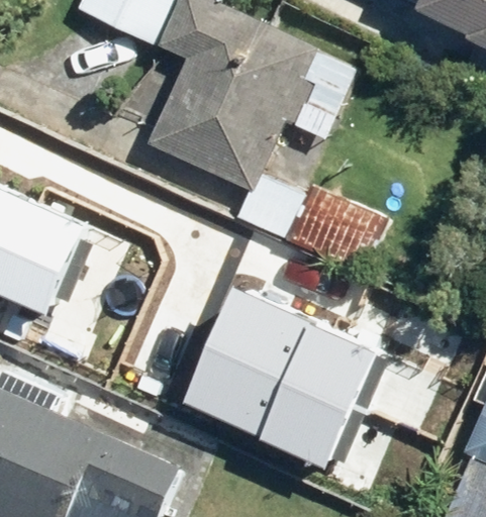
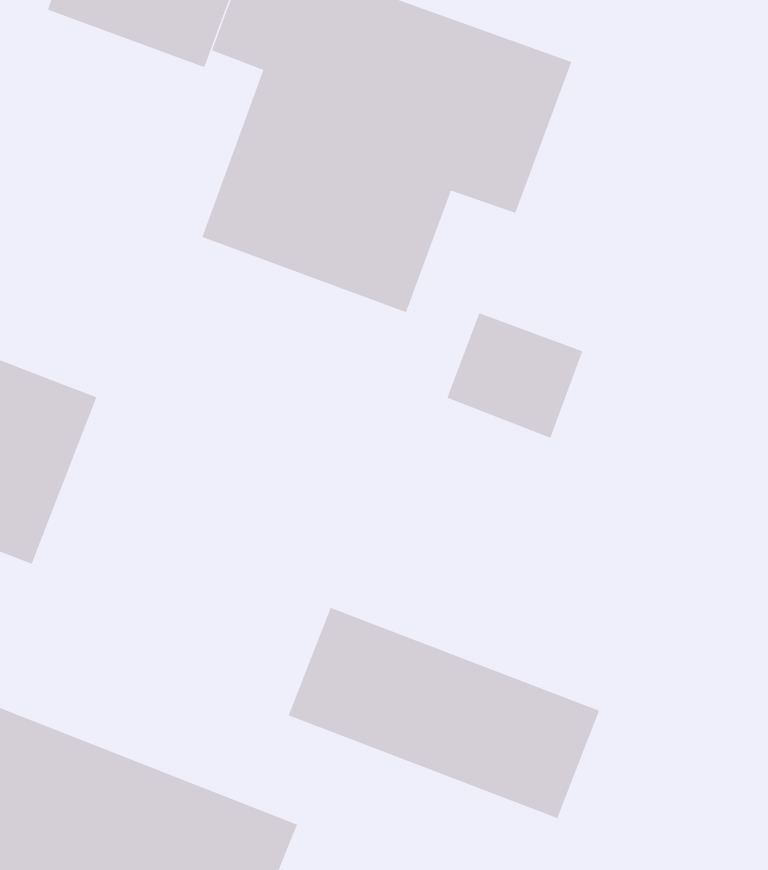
building: [209,288,380,412] -> none

